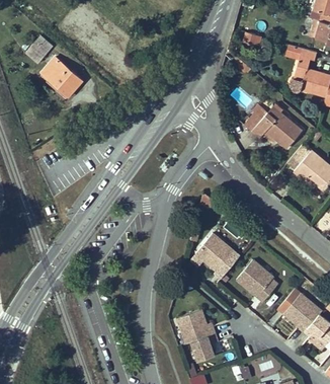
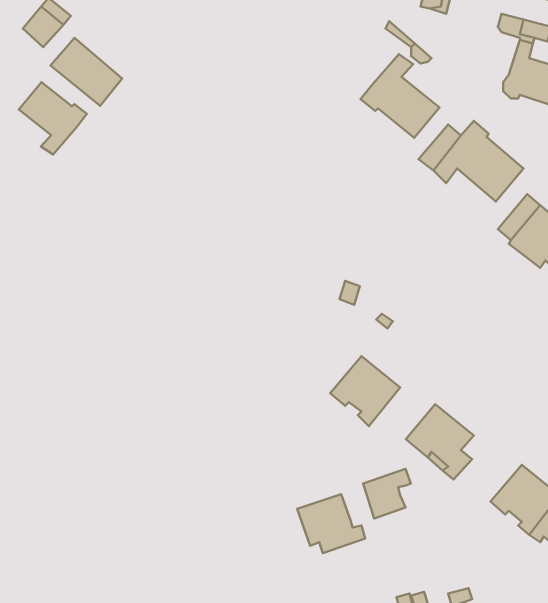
building: none -> [361,54,440,138]
building: none -> [19,82,87,155]
building: [191,334,218,362] -> [363,469,411,518]

